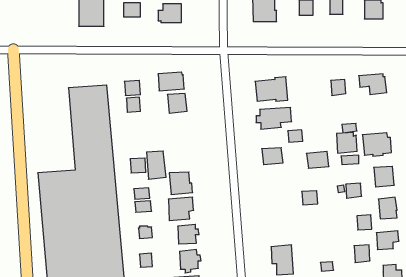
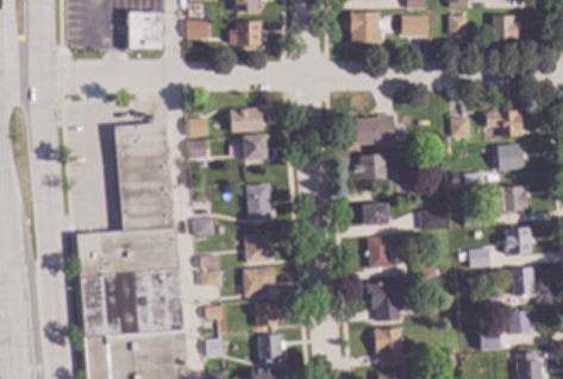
building: [337,133,357,153] -> [498,144,524,170]
building: [147,151,166,179] -> [246,184,271,220]
building: none -> [367,235,390,267]
building: none -> [365,279,400,321]

